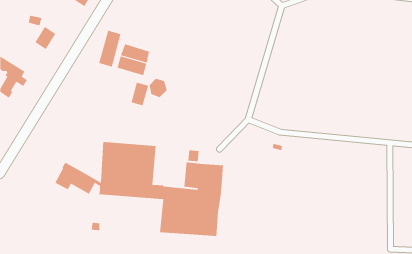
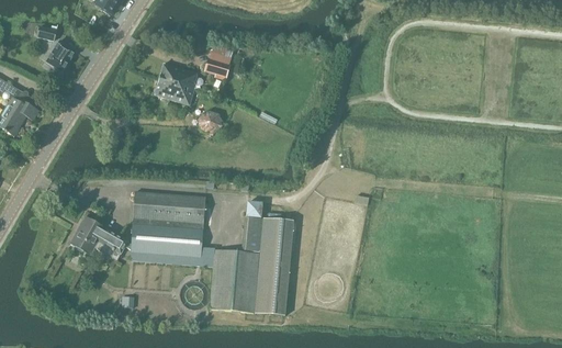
building: [99,30,121,67] -> none
building: none -> [205,50,231,79]
building: [131,82,149,106] -> none

